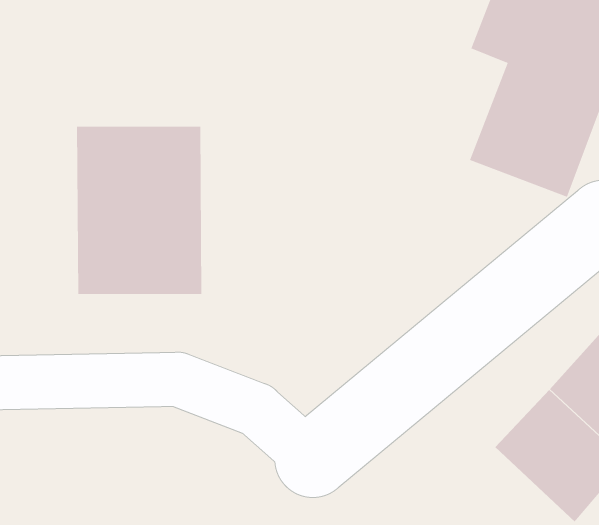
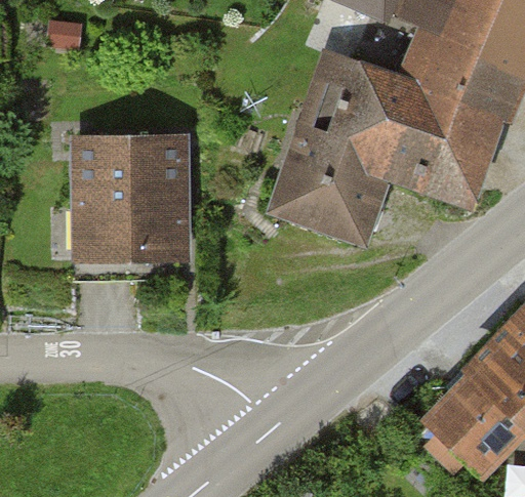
building: none -> [274,47,435,240]

